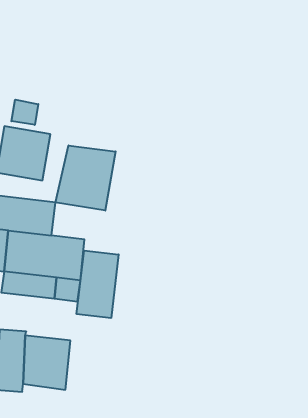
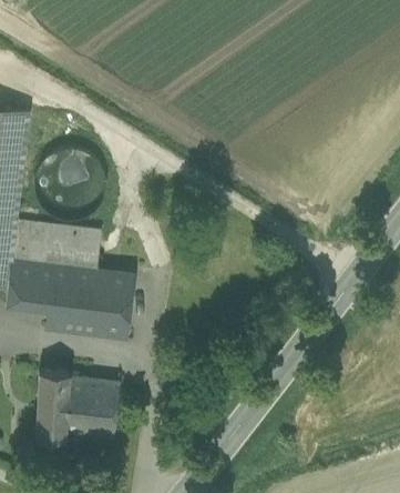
building: [11,100,38,125] -> none
building: [55,145,116,211] -> none
building: [77,250,119,318] -> none

